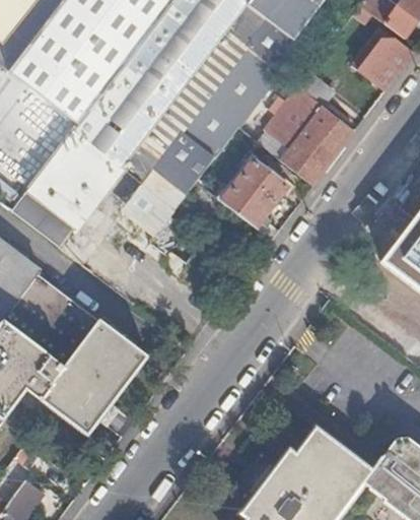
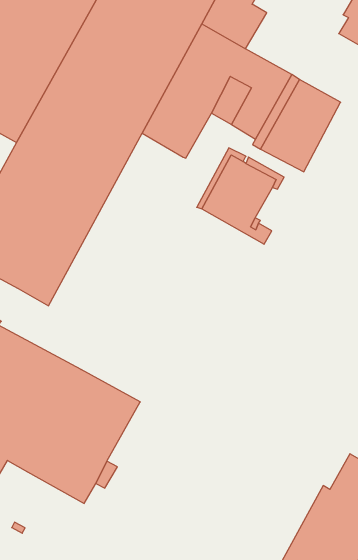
building: [81,130,213,264] -> none

